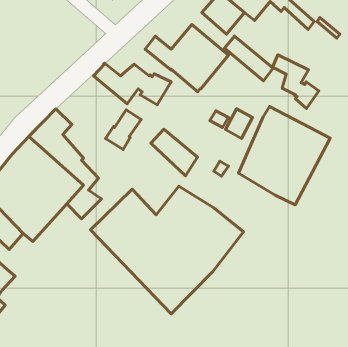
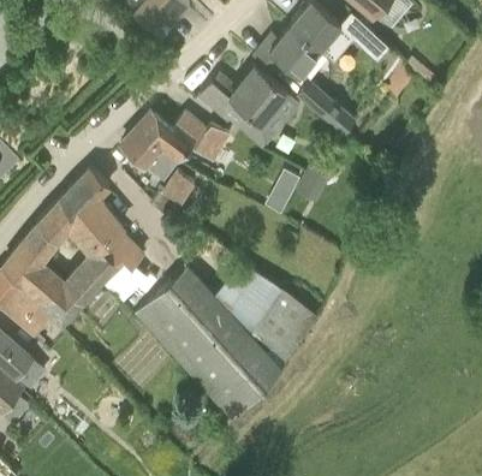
building: [272,55,319,108] -> none
building: [238,106,330,205] -> none
building: [151,129,198,176] -> [121,127,178,184]

